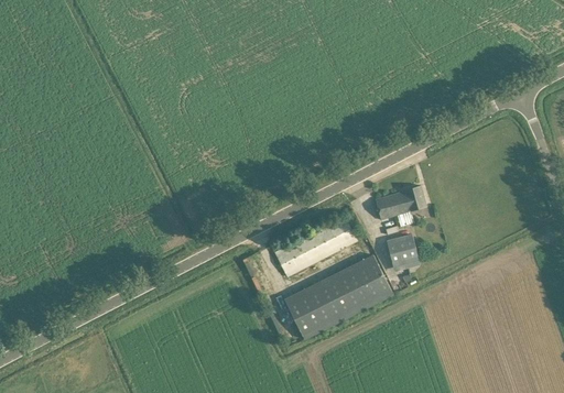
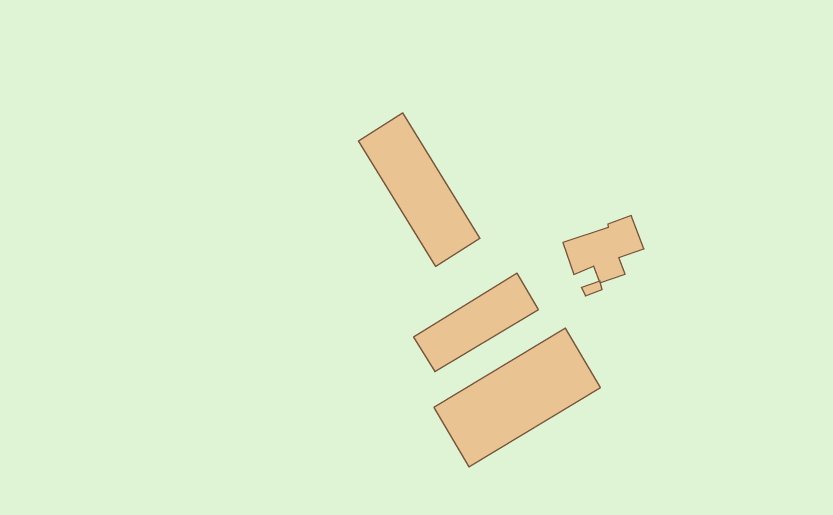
building: none -> [358,113,480,266]
building: [386,234,419,266] -> none

